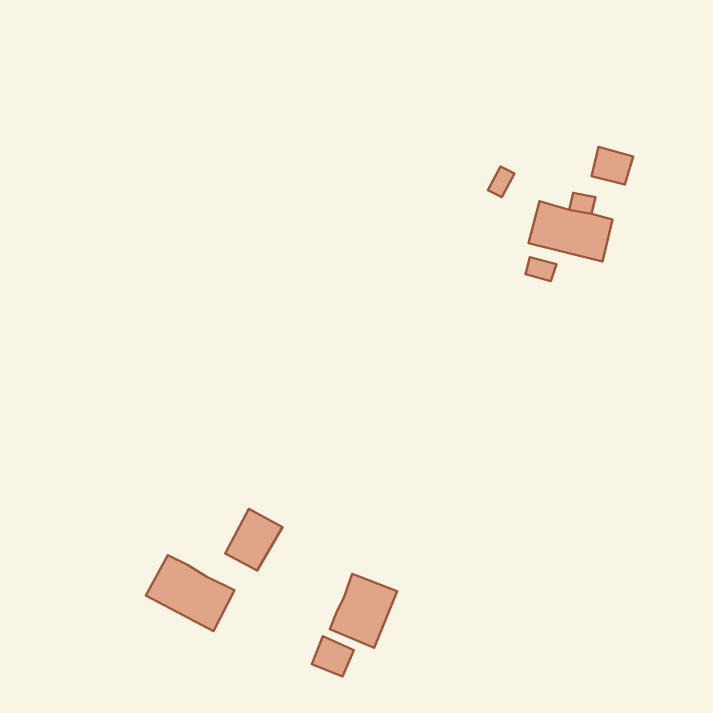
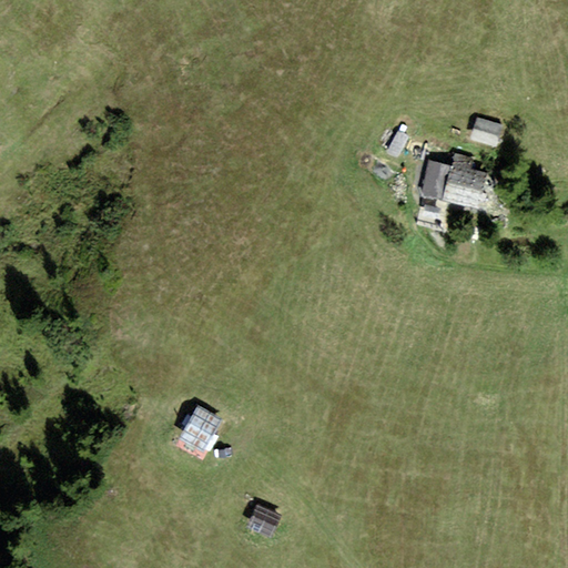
building: [146,555,234,631] -> none
building: [330,574,397,648] -> none

